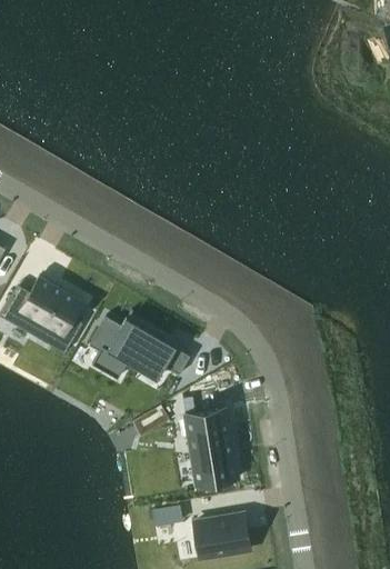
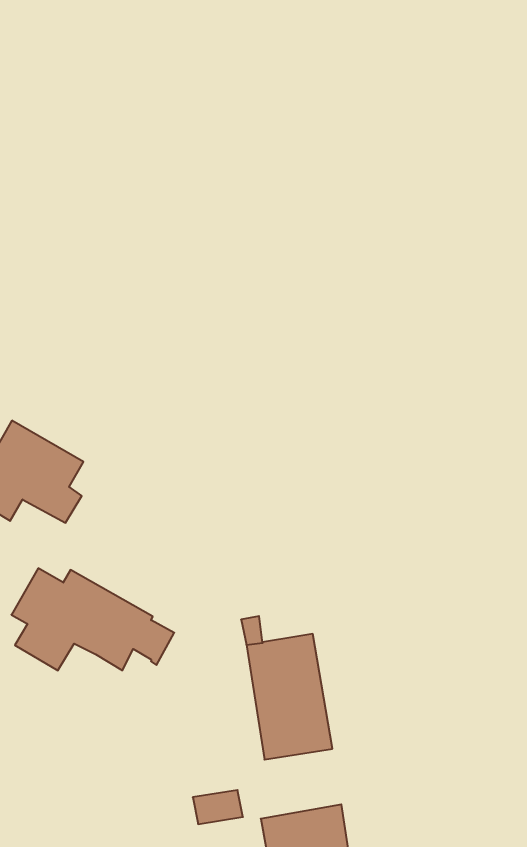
building: [90,316,191,379] -> [11,568,174,670]

